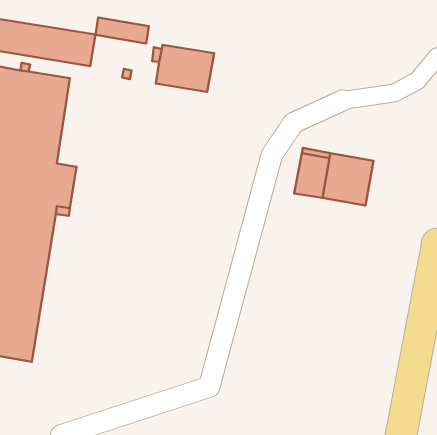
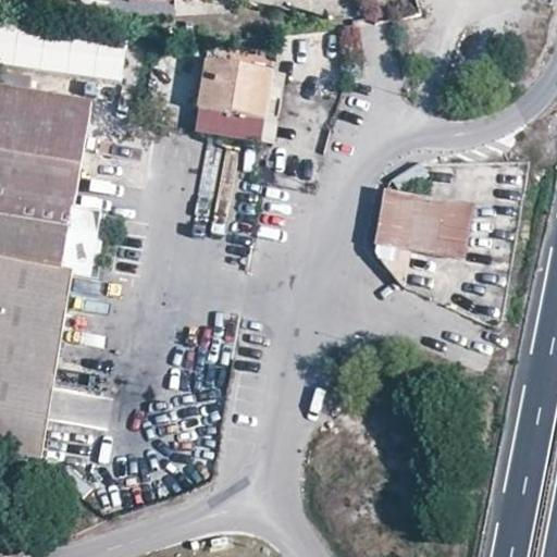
building: [95,18,149,43] -> [194,106,261,138]

